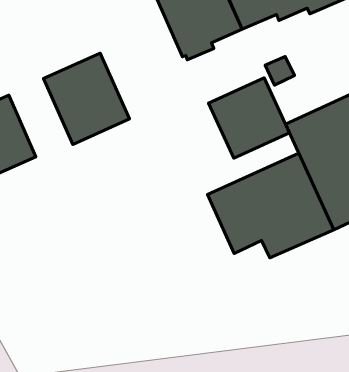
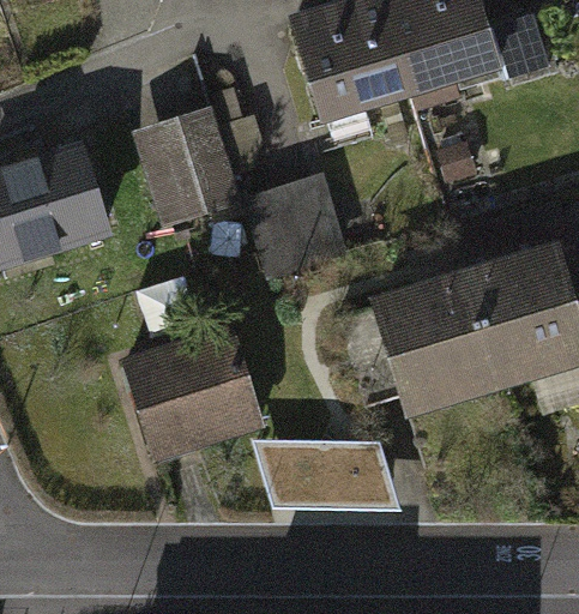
building: [209,78,290,158] -> [241,175,346,279]
building: none -> [119,323,265,463]
building: none -> [265,441,392,514]

